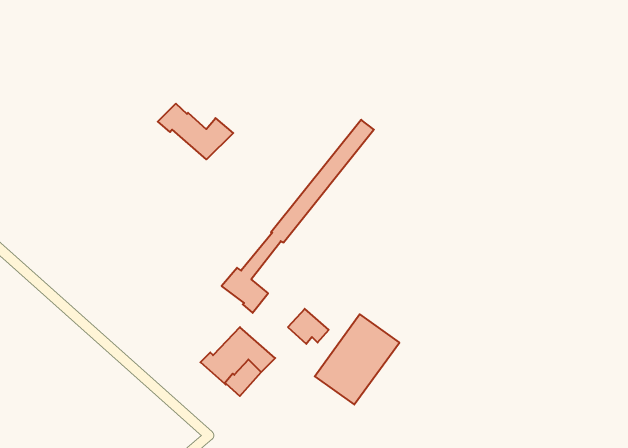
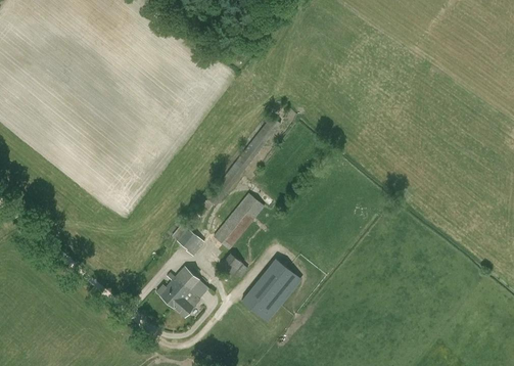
building: [158,104,233,159] -> none
building: none -> [215,193,266,249]

